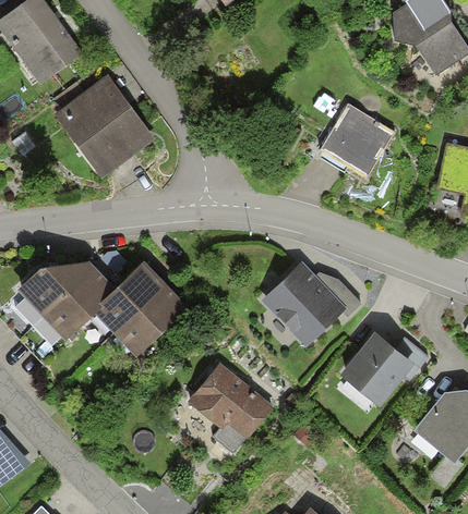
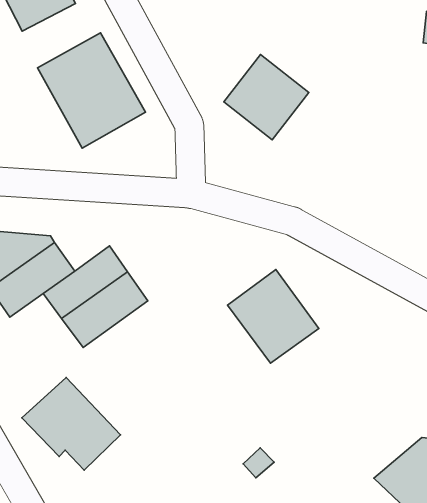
building: [323,106,397,180] -> [224,54,309,140]
building: [338,333,416,411] -> none
building: [185,363,275,442] -> [22,378,120,470]

